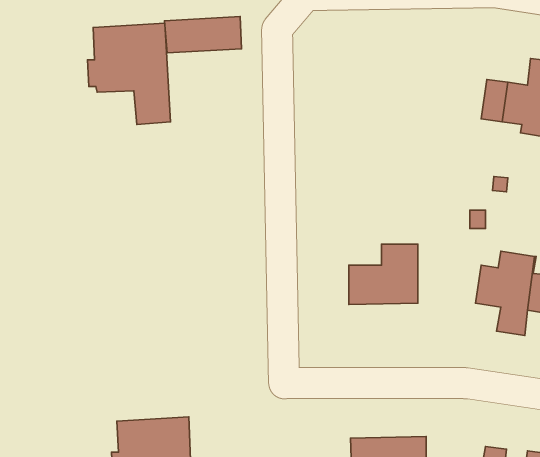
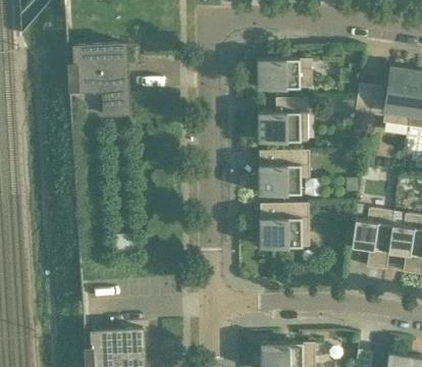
building: [165,16,241,53] -> none
building: none -> [257,58,312,88]
building: none -> [257,97,308,141]
building: none -> [258,150,309,194]

